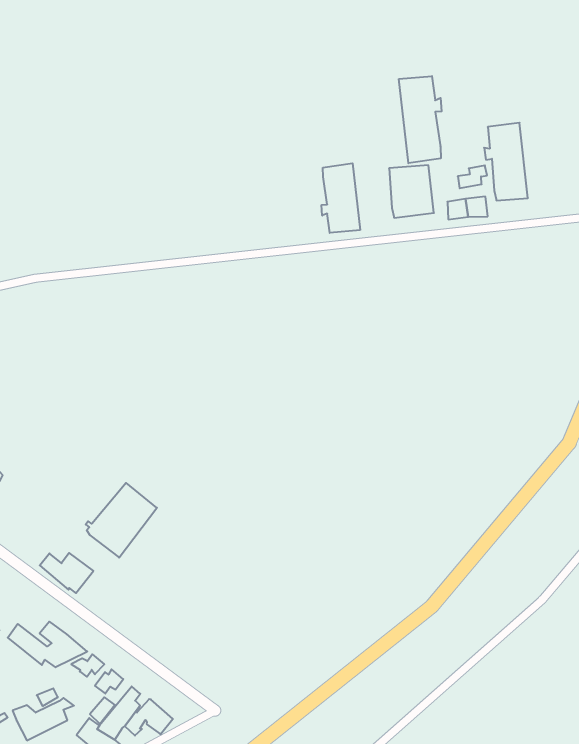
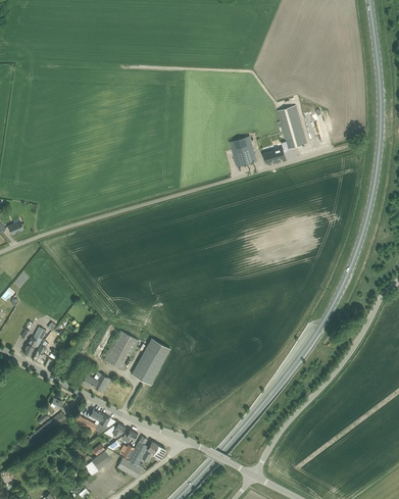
building: [399,76,442,163] -> none
building: [322,163,360,233] -> none
building: none -> [132,338,170,384]

